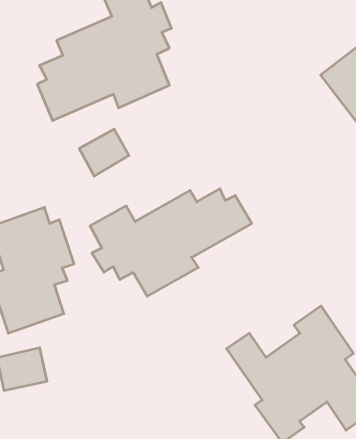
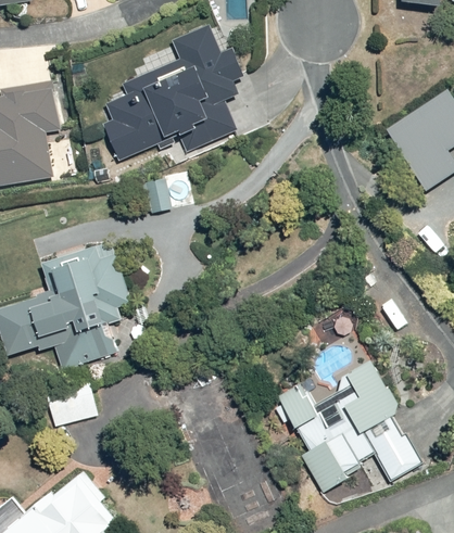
building: [90,189,252,296] -> none

